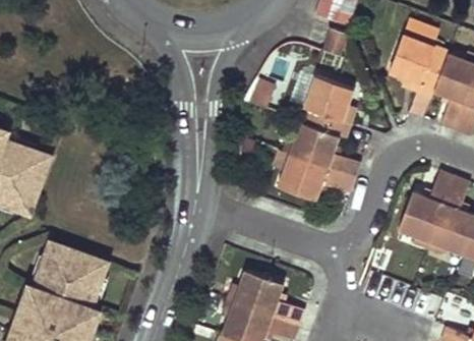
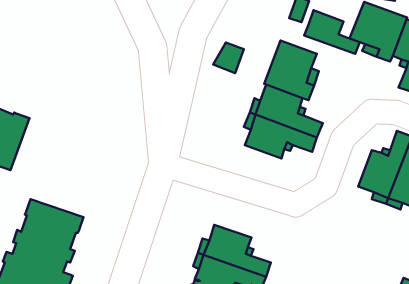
building: none -> [304,10,360,54]

